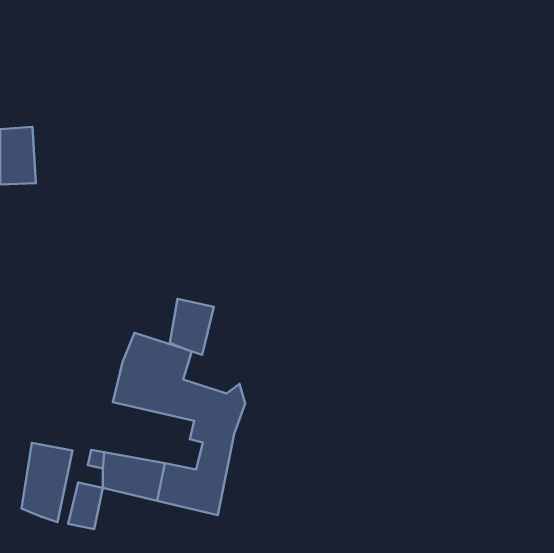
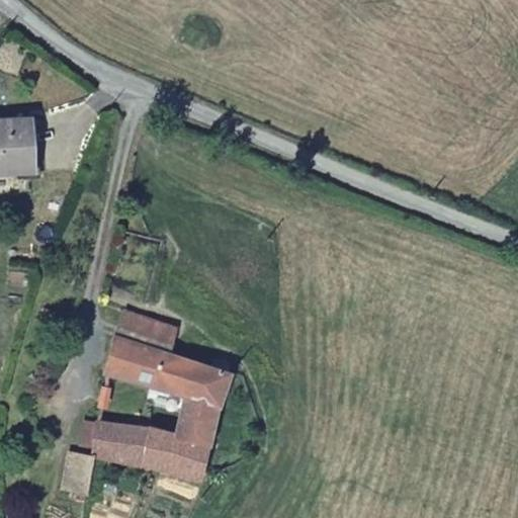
building: [170,299,214,355] -> none
building: [22,443,73,522] -> none

